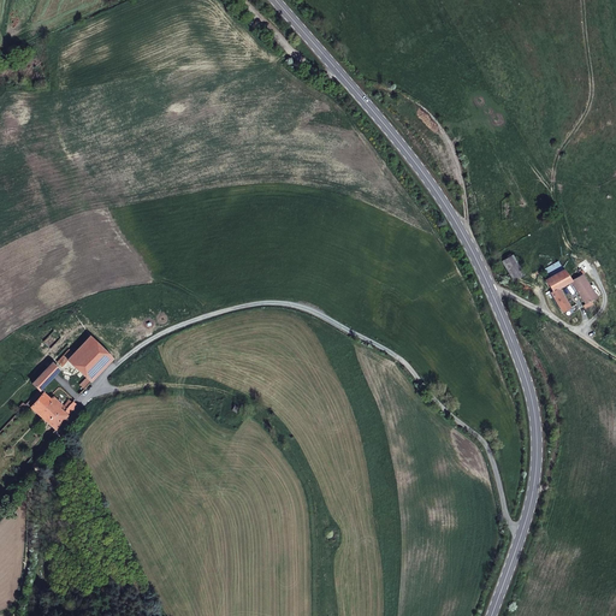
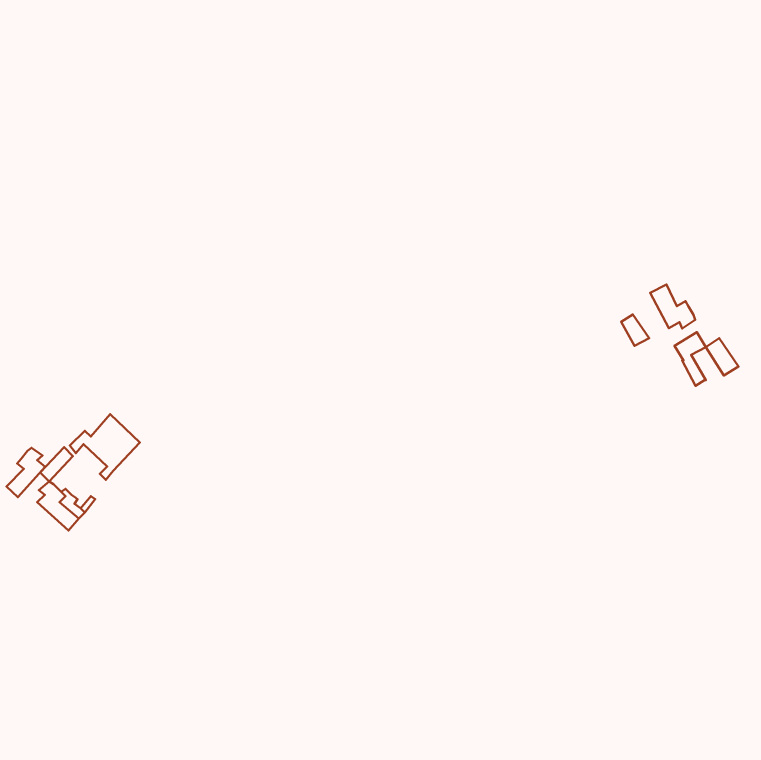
building: none -> [650,284,695,329]
building: none -> [7,448,45,497]

